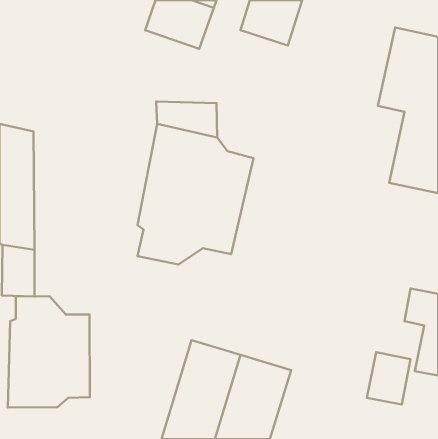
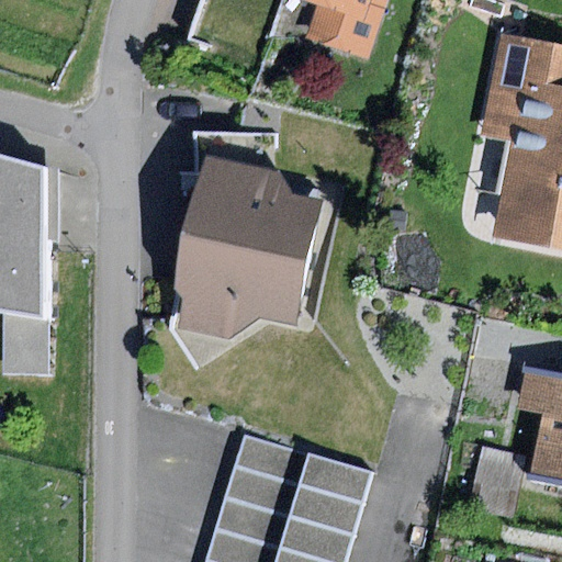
building: [8,296,90,407] -> none

